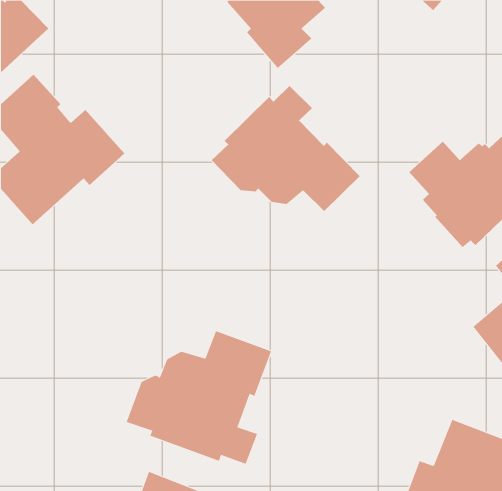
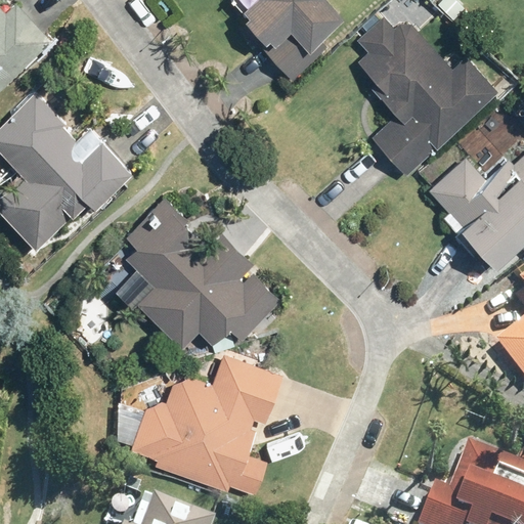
building: none -> [354,19,494,178]
building: [211,85,361,212] -> none
building: none -> [128,198,282,347]

